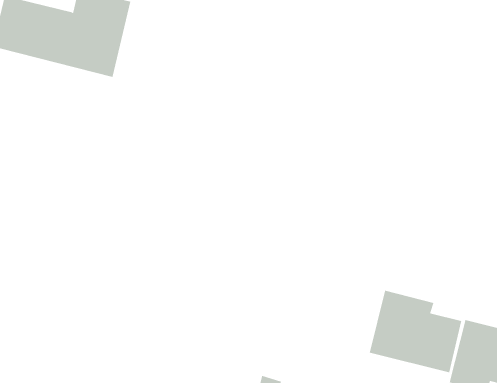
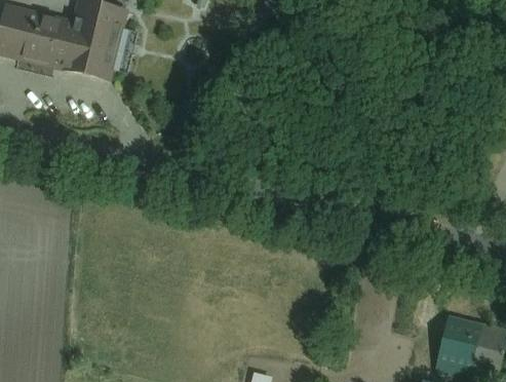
building: [369,290,462,373] -> none

